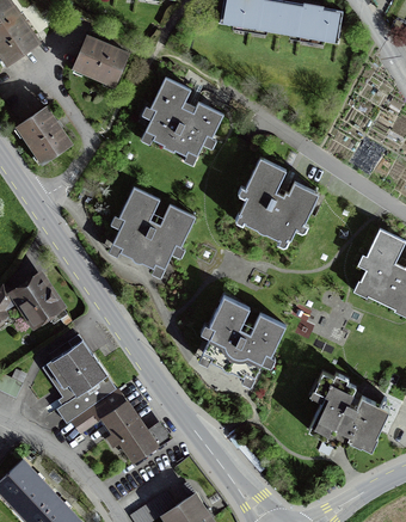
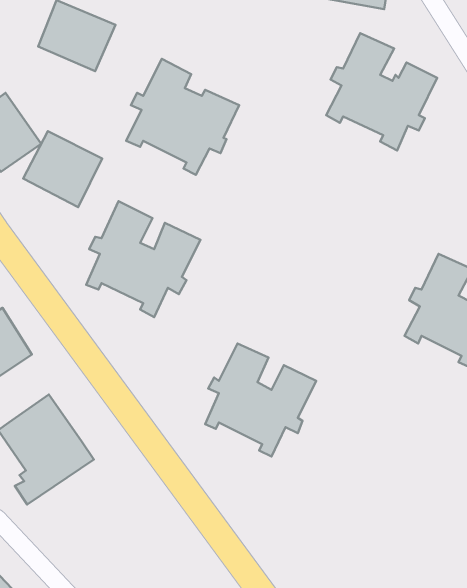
building: none -> [23,131,102,207]
building: [233,159,319,250] -> [326,33,437,151]
building: [308,374,390,449] -> none
building: [68,386,158,463] -> none

